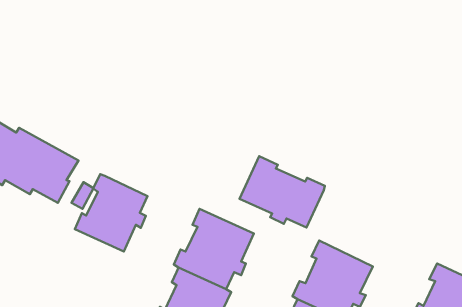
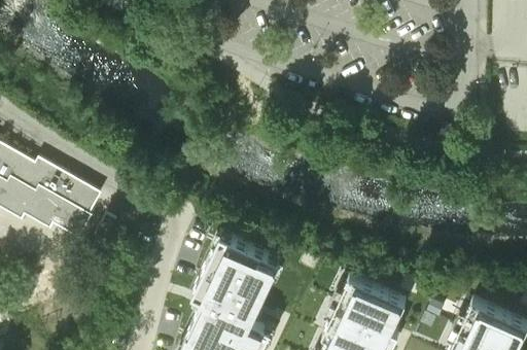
building: [239,156,325,228] -> none
building: [75,174,148,251] -> none

